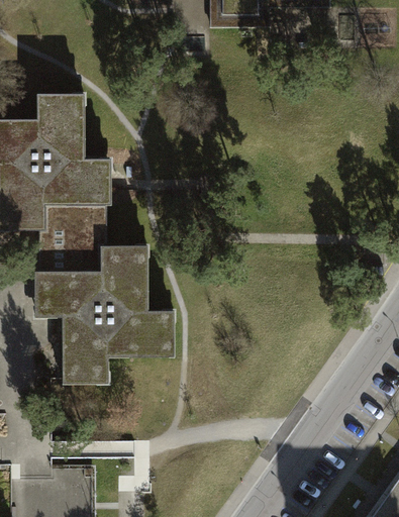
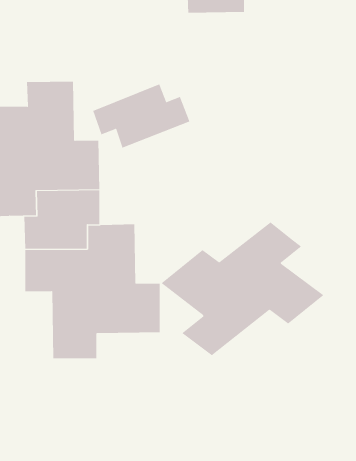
building: none -> [93,84,190,148]
building: none -> [160,221,325,356]

